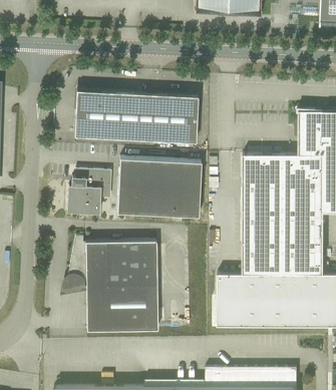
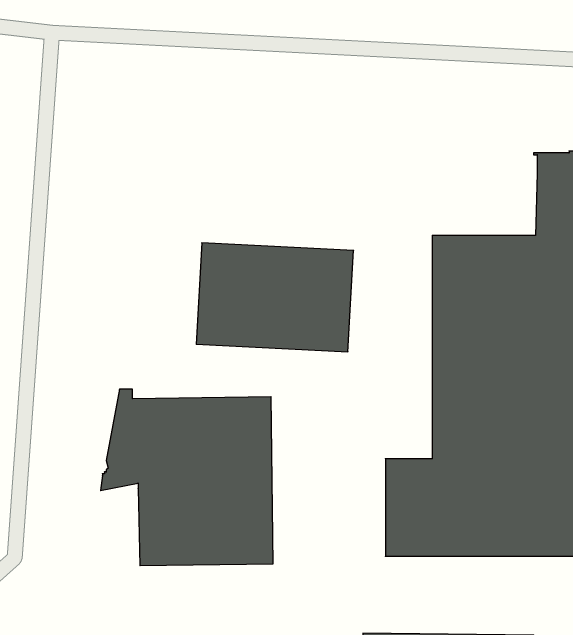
building: [74,90,199,142] -> none
building: [68,169,111,215] -> none

